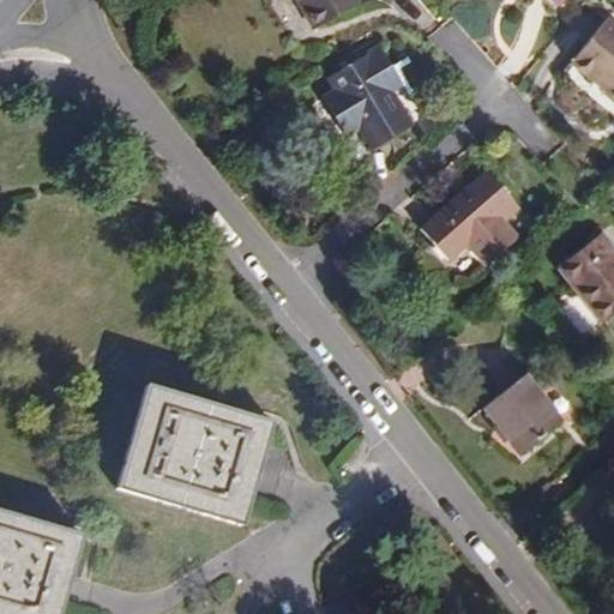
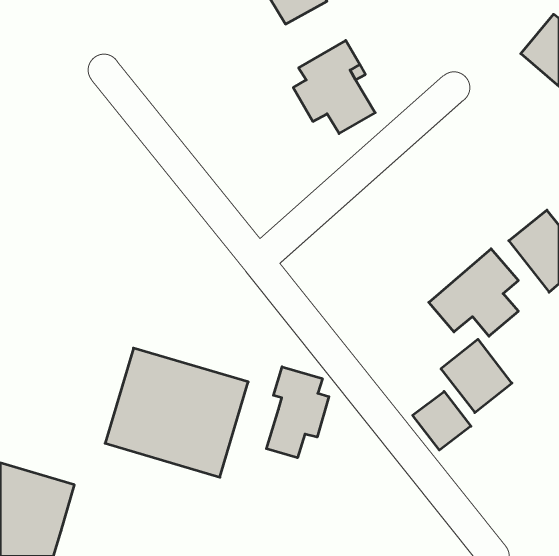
building: [420,167,518,263] -> [429,249,518,336]
building: none -> [266,367,329,458]
building: none -> [413,391,471,450]

